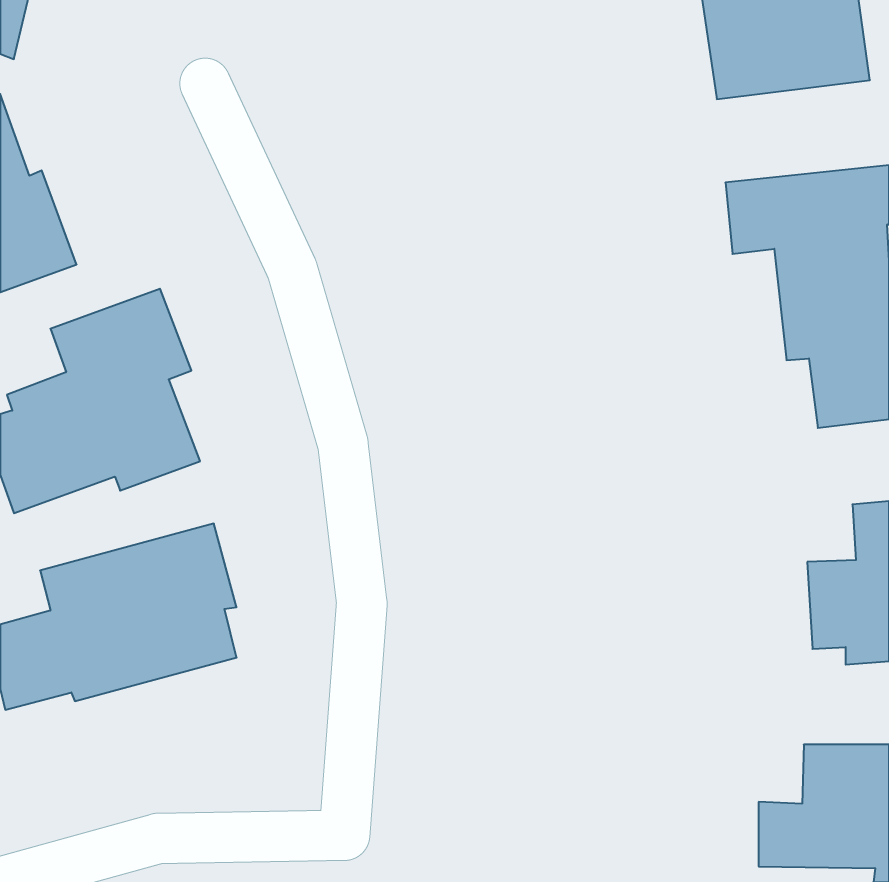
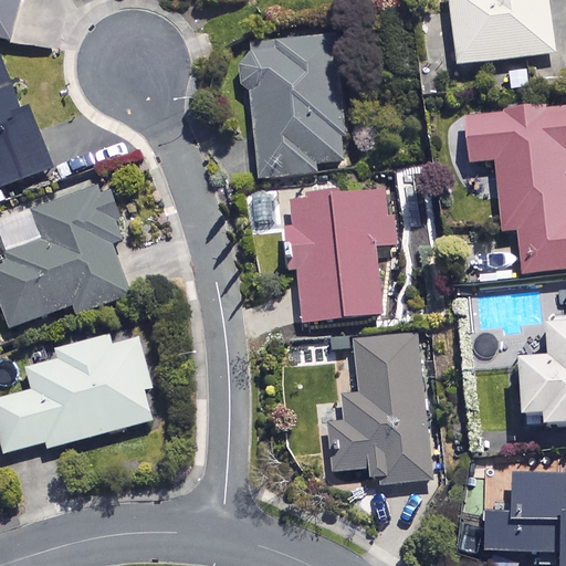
building: none -> [240,38,345,165]
building: none -> [283,191,399,319]
building: none -> [324,334,432,483]

